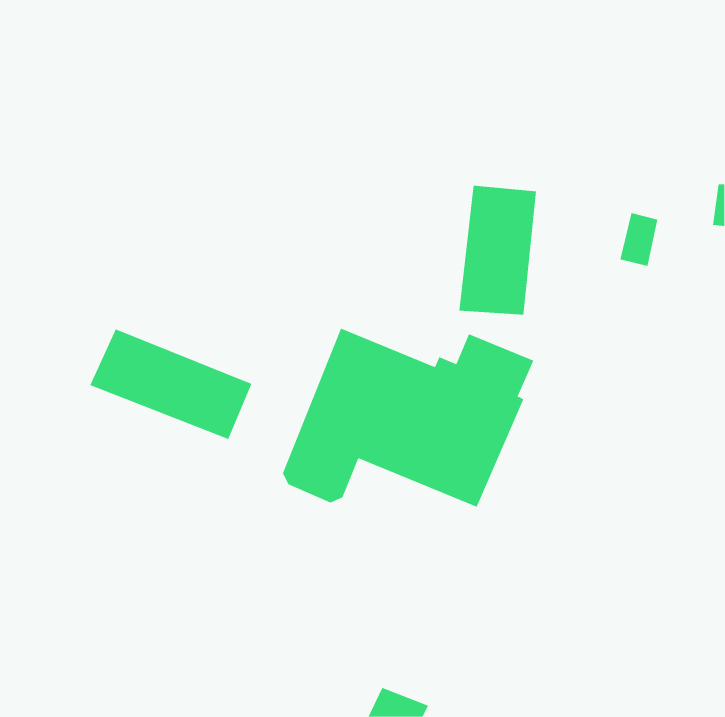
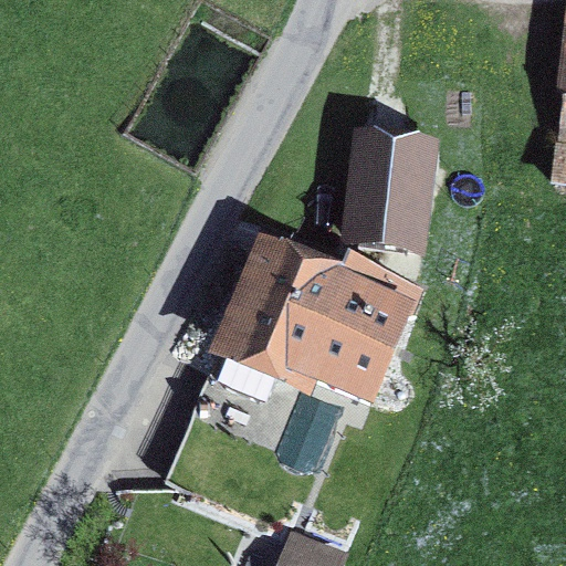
building: [89,329,252,440] -> none

